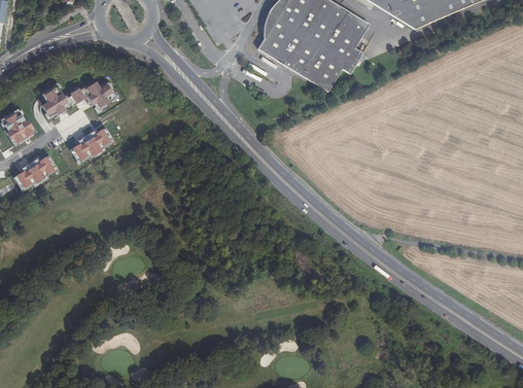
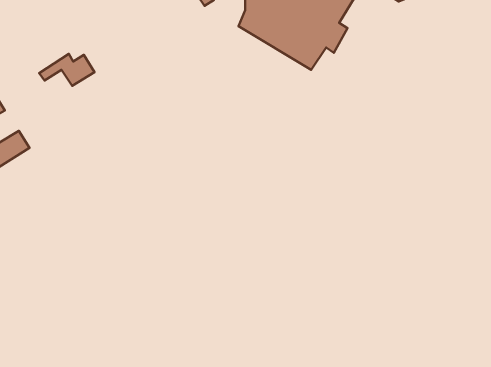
building: [38,79,72,115] -> none
building: [69,126,113,162] -> none

